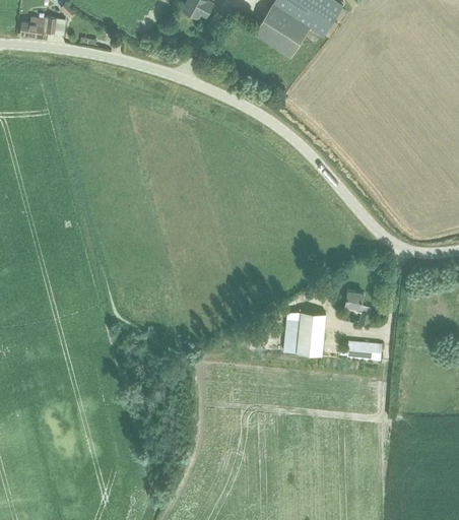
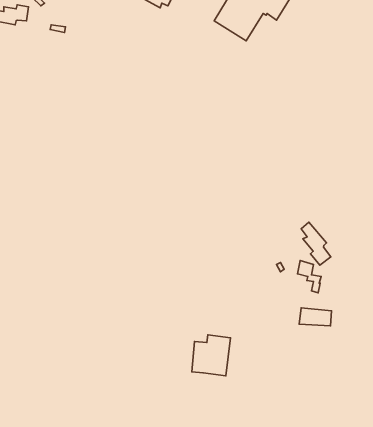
building: none -> [301,222,331,265]
building: [285,311,327,354] -> [192,335,231,376]

